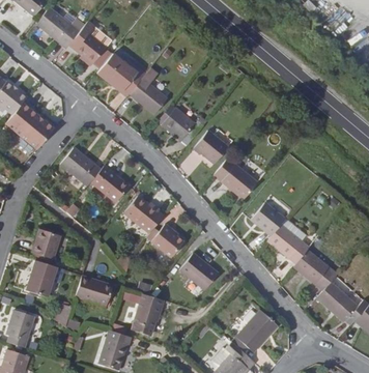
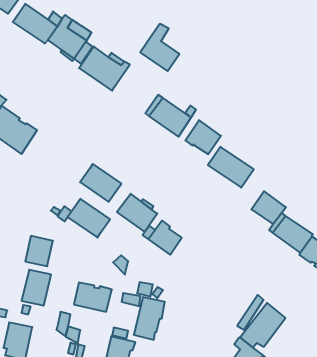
building: [131,67,168,113] -> [140,24,179,71]
building: [61,147,102,185] -> [68,199,110,238]
building: [180,253,219,289] -> none

